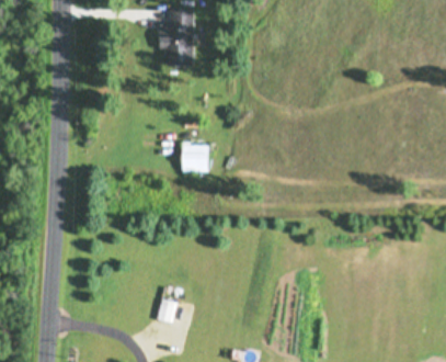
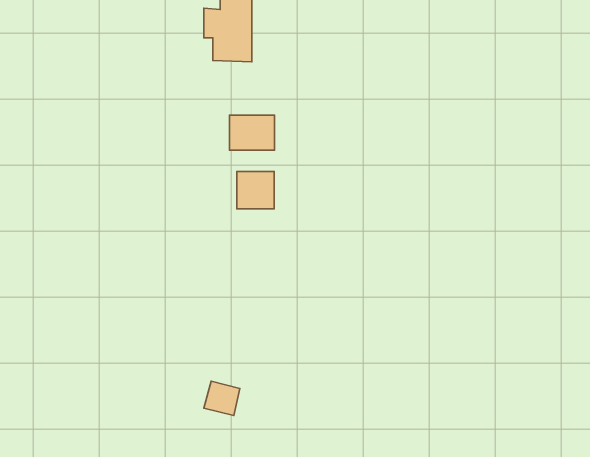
building: none -> [230,115,274,150]

